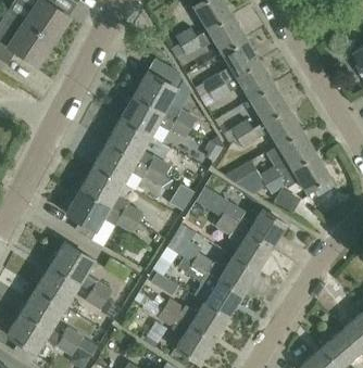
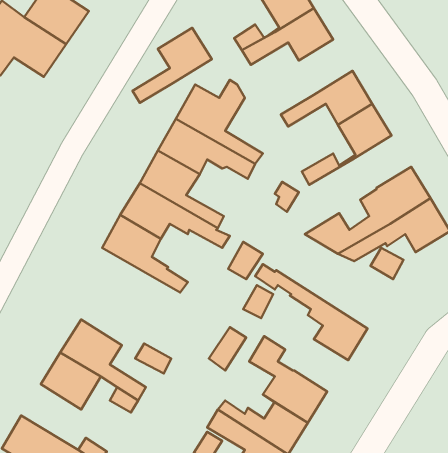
building: [204,38,262,92] -> [132,28,212,103]
building: [230,107,304,149] -> none
building: [66,189,137,238] -> none
building: [206,196,288,248] -> none
building: [208,255,259,293] -> none
building: [22,288,65,329] -> none

